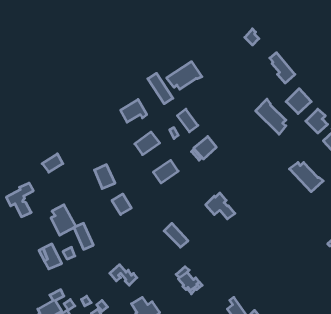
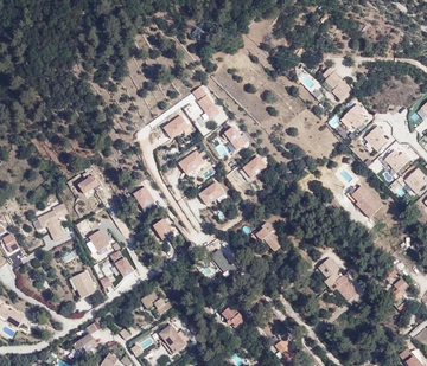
building: [167,62,202,89] -> none
building: [256,99,286,134] -> none
building: none -> [317,257,358,302]

